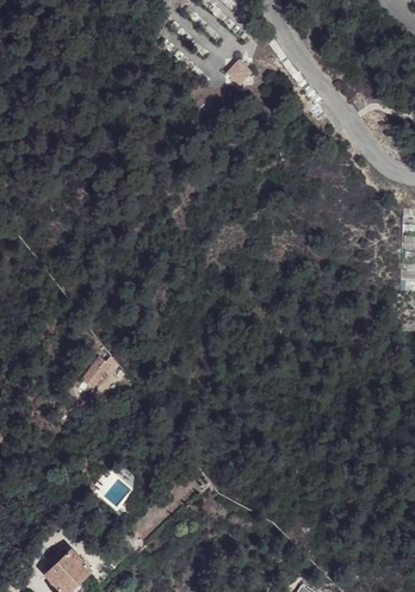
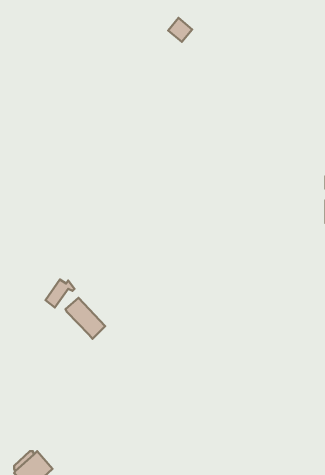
building: none -> [65,298,105,339]

